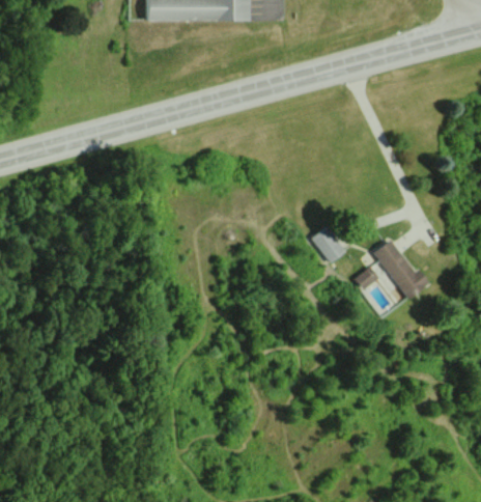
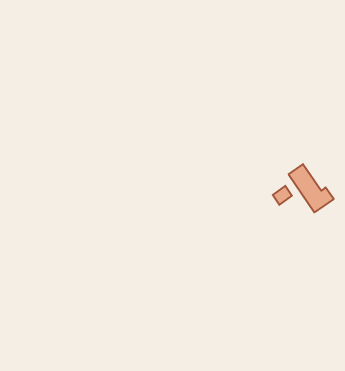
building: [310,225,345,262] -> none

